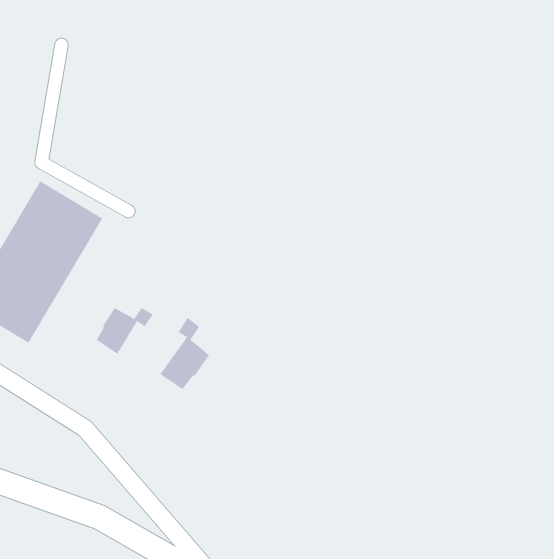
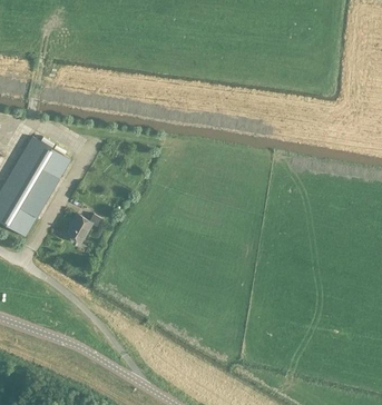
building: [159,317,210,390] -> none

